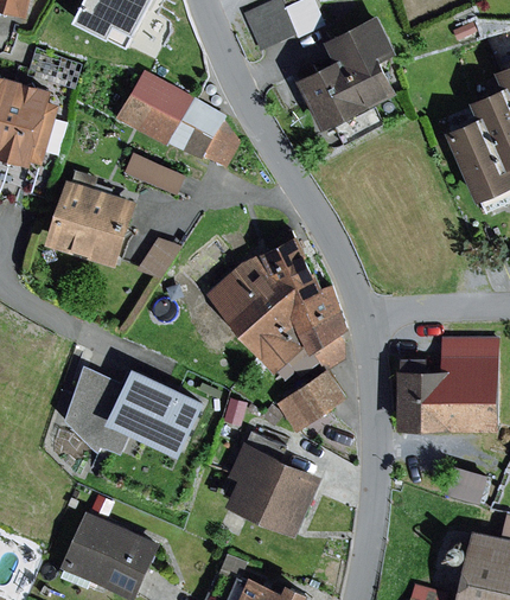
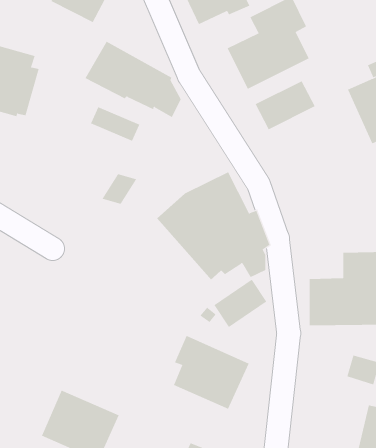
building: none -> [255,80,315,130]
building: [45,180,136,266] -> none
building: [65,366,205,462] -> none

